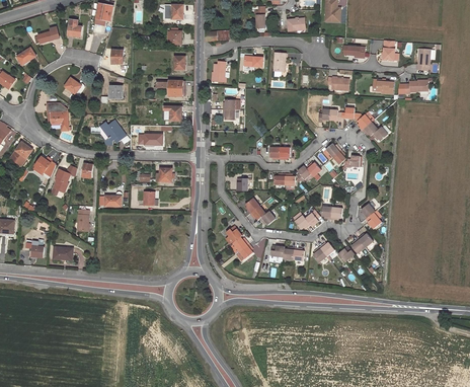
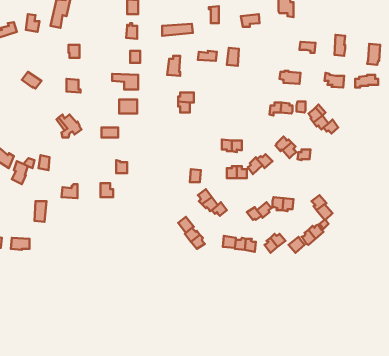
building: [47,102,68,132] -> none

